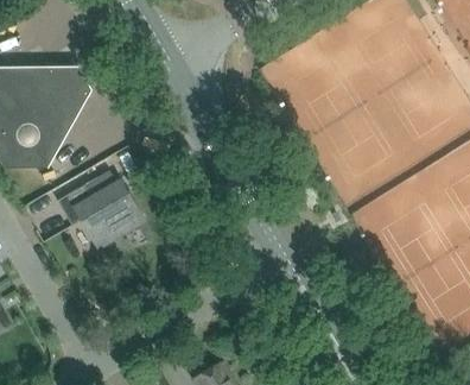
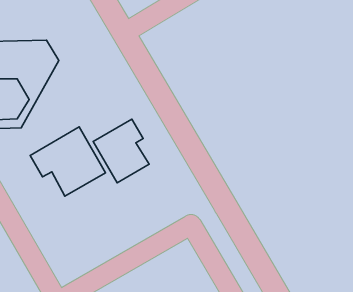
building: none -> [93,119,149,183]

